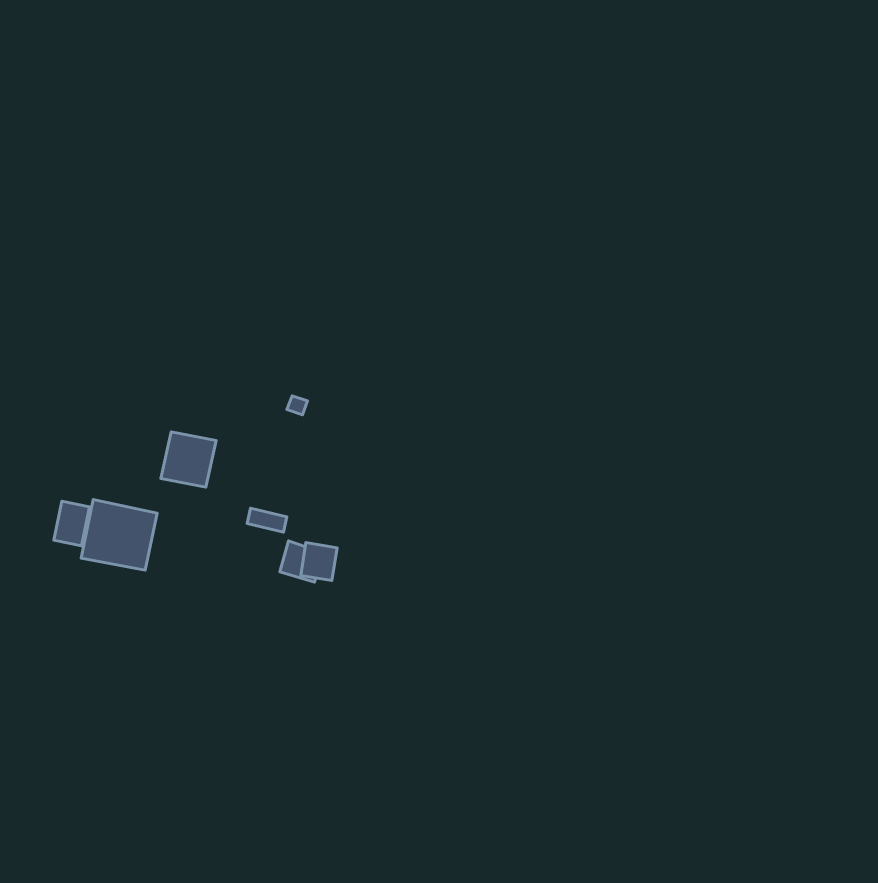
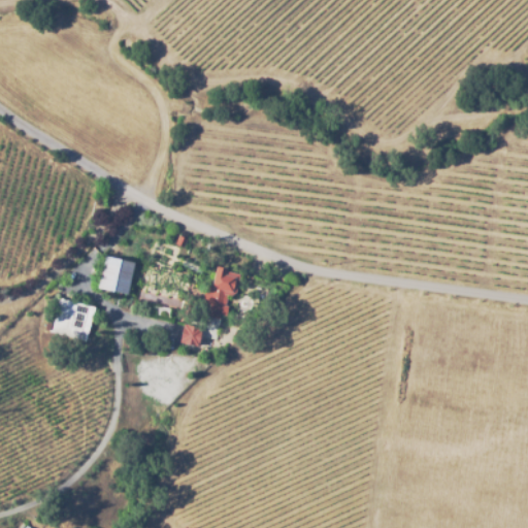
building: none -> [204,266,242,320]
building: [54,501,89,546] -> none

